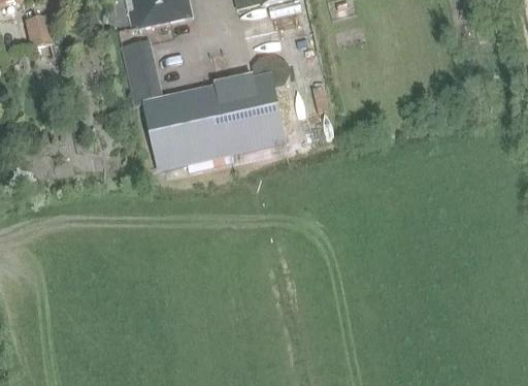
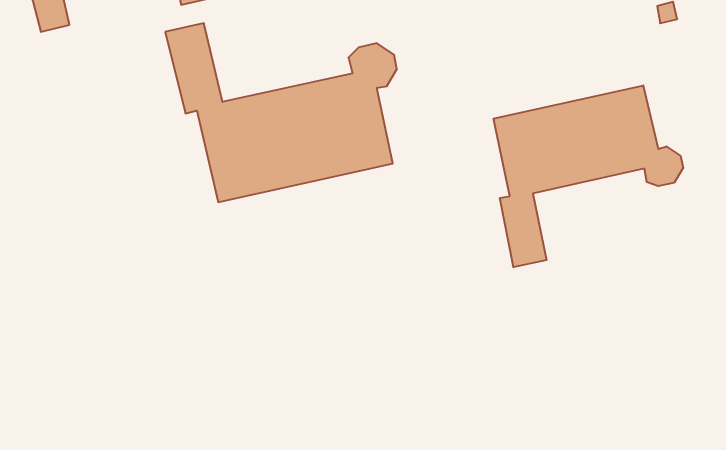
building: none -> [494,85,683,267]

